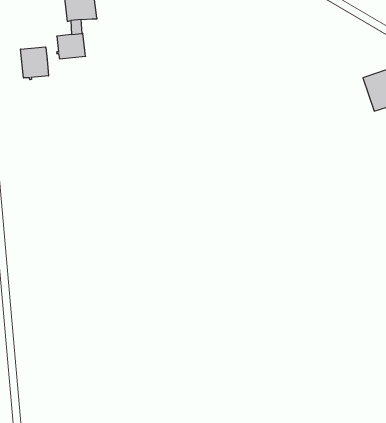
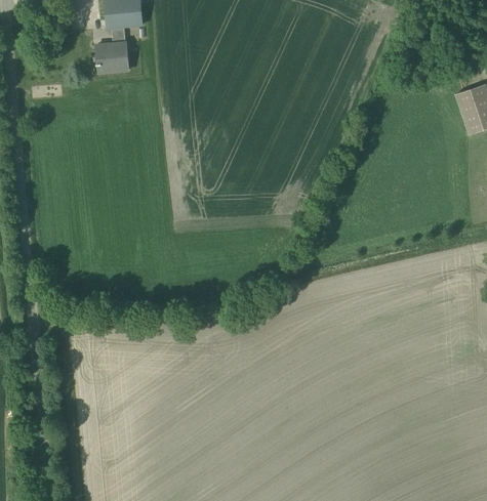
building: [21,47,48,80] -> none

